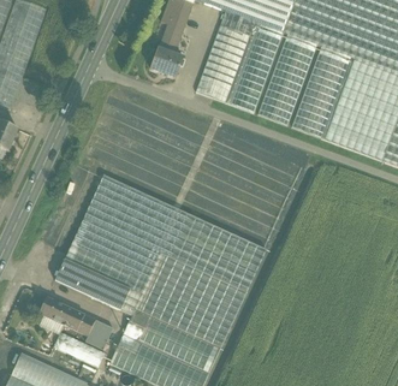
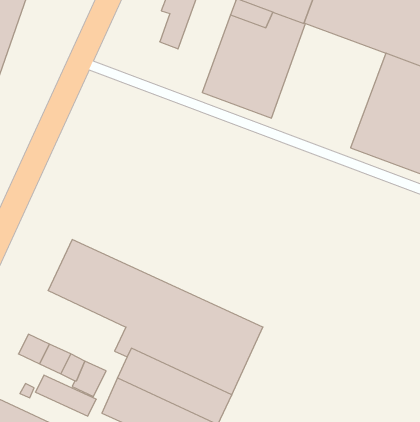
building: [254,32,351,138] -> none
building: [150,48,183,78] -> none
building: [84,174,266,291] -> none
building: [54,260,130,311] -> none

